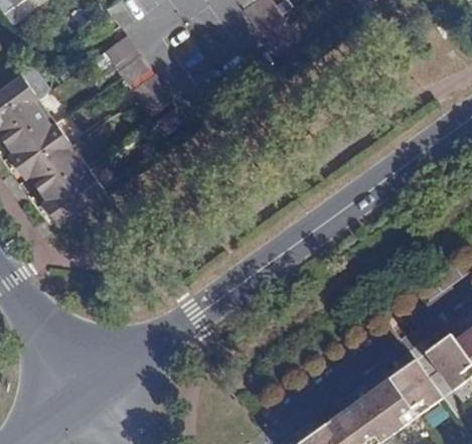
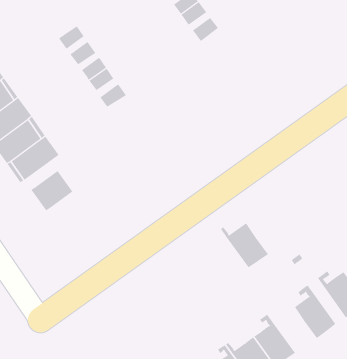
building: none -> [30,170,73,211]
building: [358,378,418,433] -> [220,223,269,268]

